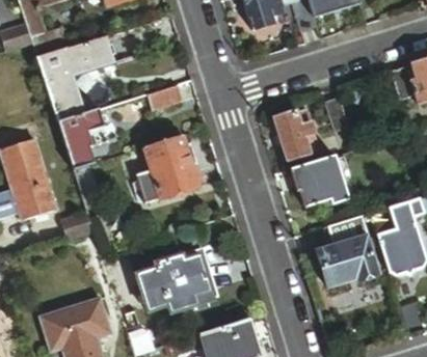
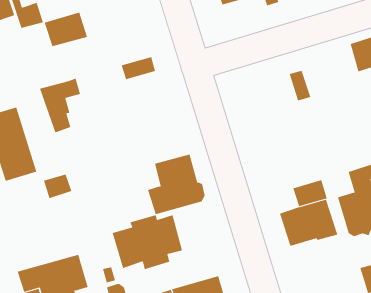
building: [37,48,89,118] -> none
building: [274,110,317,160] -> none
building: [137,135,199,200] -> [147,154,206,215]
building: [291,156,347,207] -> none

